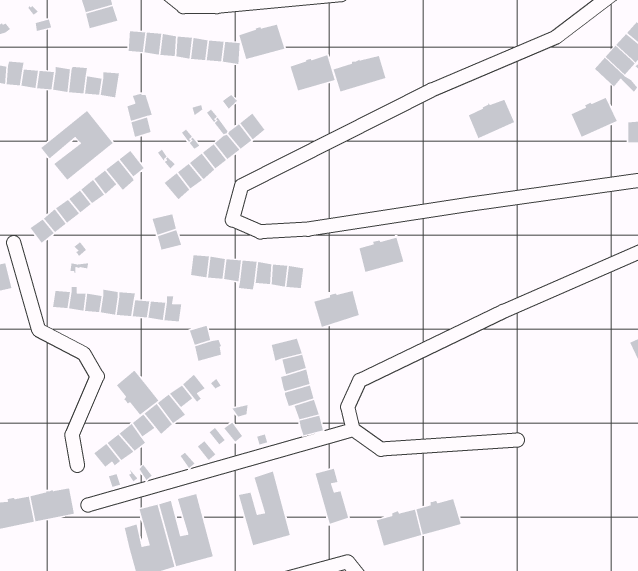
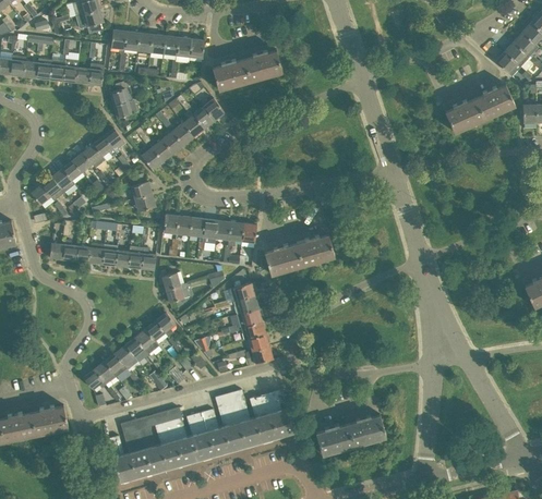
building: [238,24,285,61] -> [212,60,251,90]
building: [332,55,386,93] -> none
building: [468,99,515,140] -> [445,99,484,133]
building: [40,110,114,181] -> none
building: [358,236,405,273] -> [297,234,335,265]
building: [116,369,160,416] -> none
building: none -> [231,390,277,446]
building: none -> [168,407,214,463]

